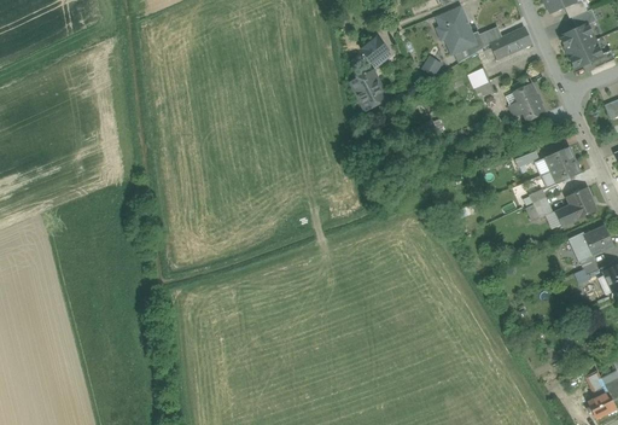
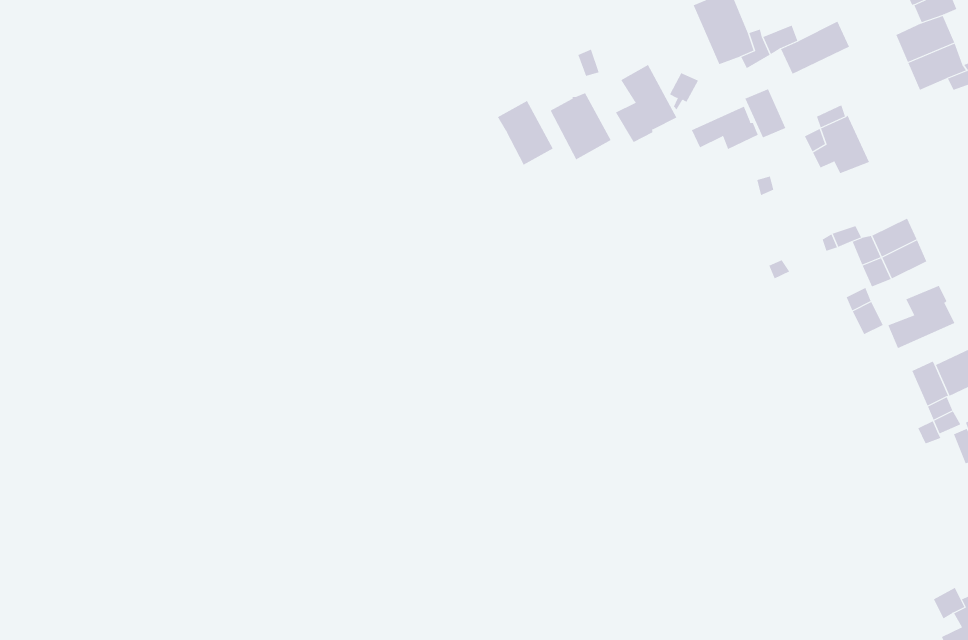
building: none -> [615,64,677,143]
building: none -> [497,100,554,166]
building: none -> [691,106,758,150]

